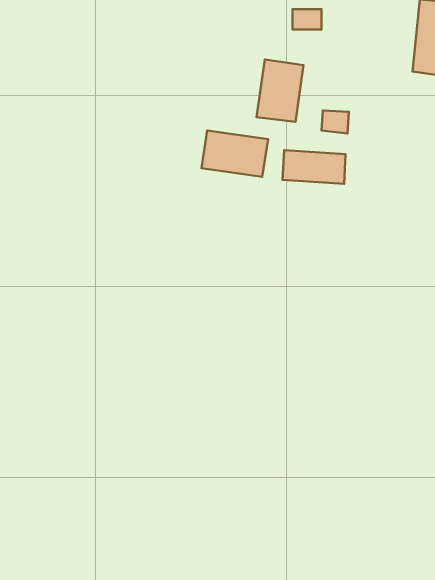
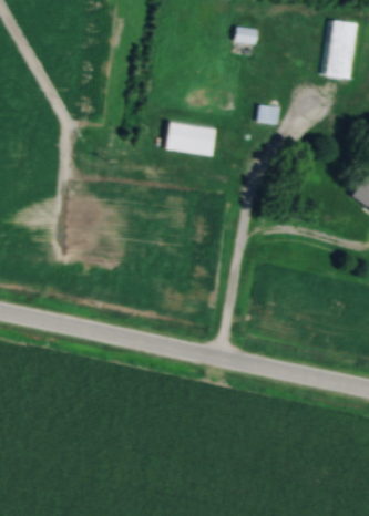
building: [257,60,303,122] -> none
building: [283,150,346,184] -> none

